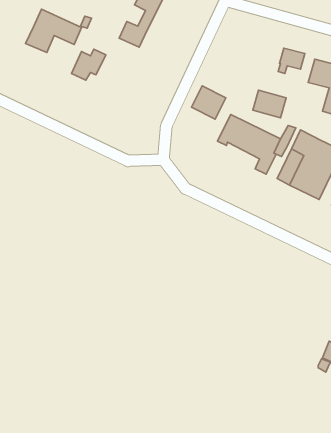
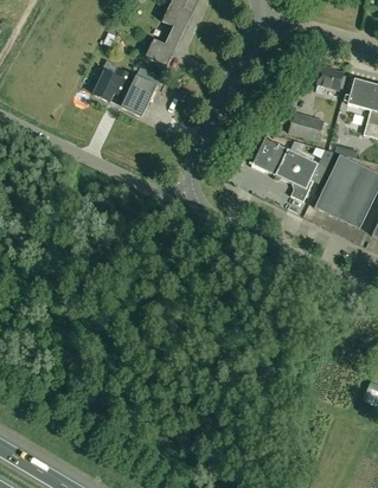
building: [25,9,81,53] -> none
building: none -> [120,75,158,116]
building: [191,86,226,119] -> none

